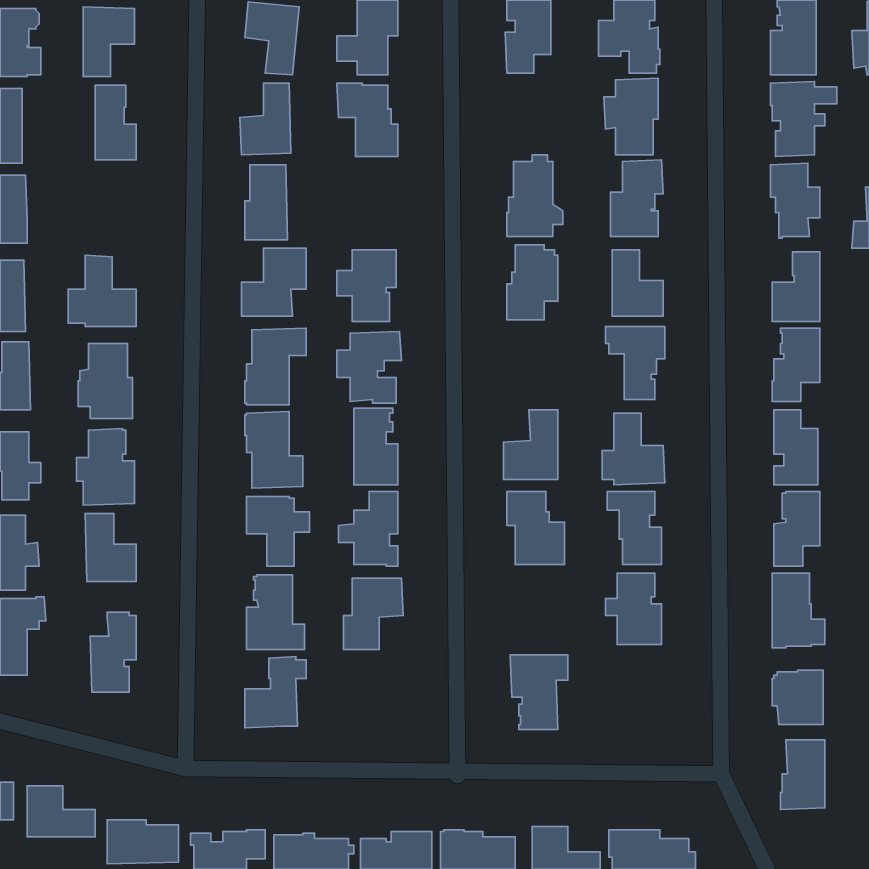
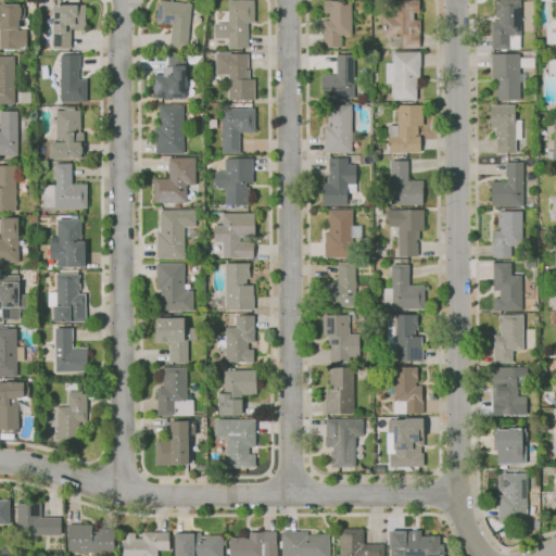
building: none -> [323,53,355,98]
building: none -> [49,106,85,159]
building: none -> [222,109,255,153]
building: none -> [325,208,363,257]
building: none -> [326,366,355,414]
building: none -> [216,418,255,466]
building: none -> [388,418,424,466]

